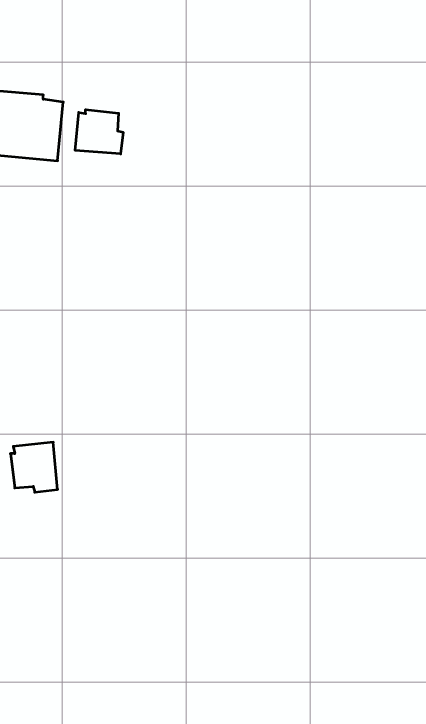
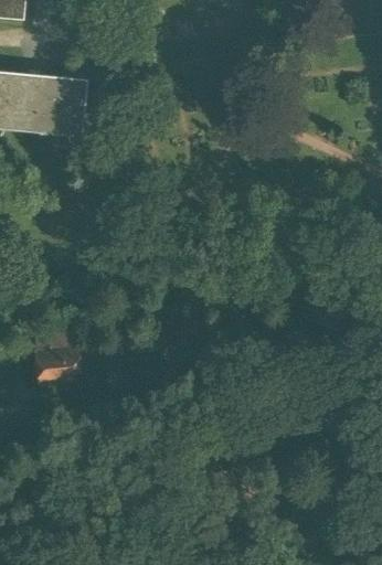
building: [75,110,123,154] -> none

